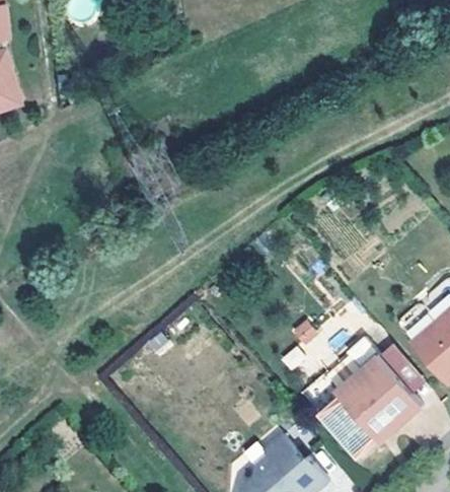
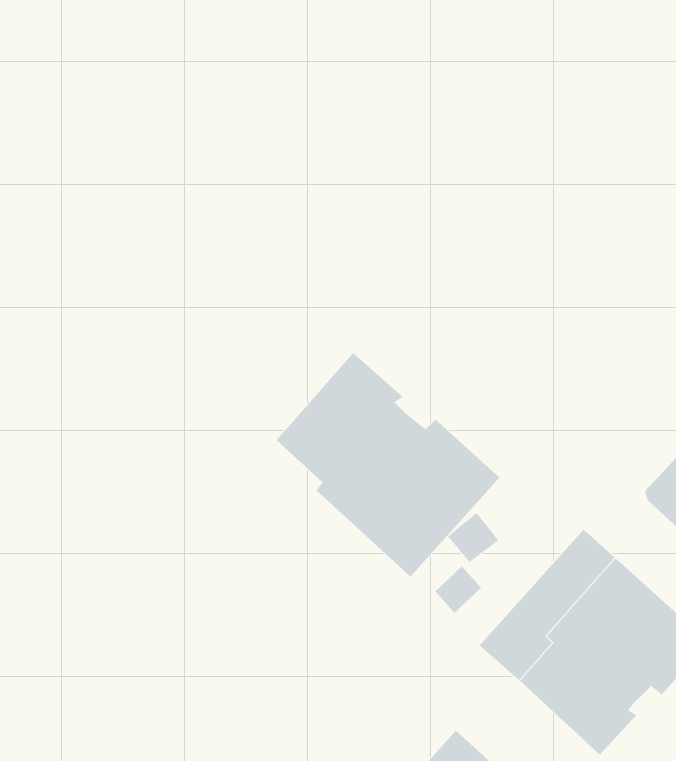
building: none -> [276,352,500,577]

